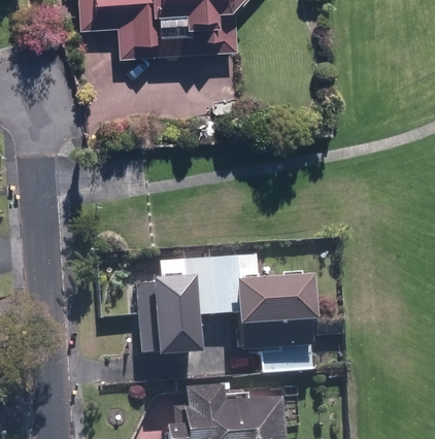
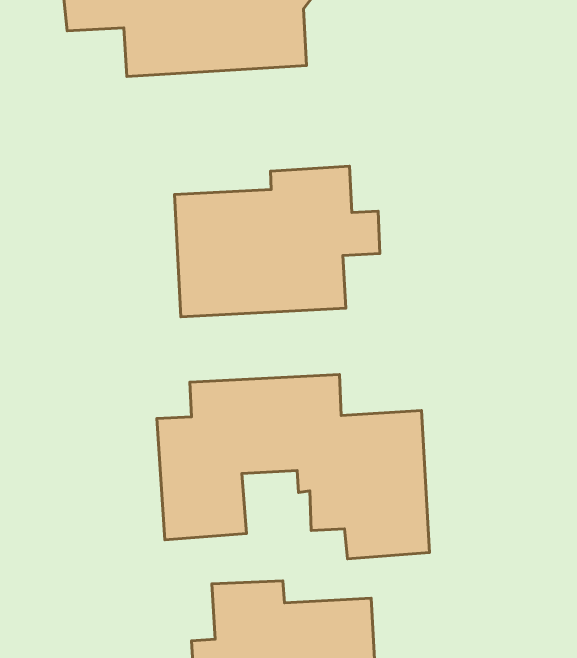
building: none -> [174,166,380,317]

